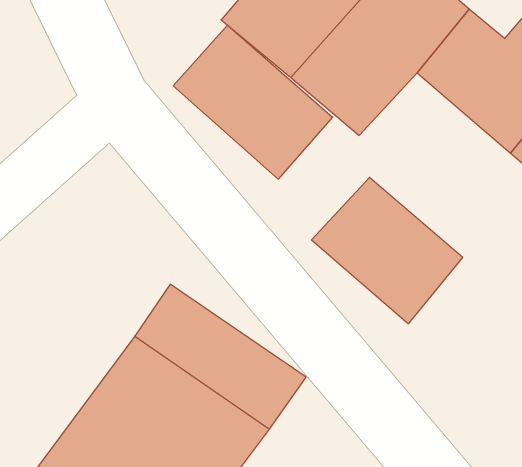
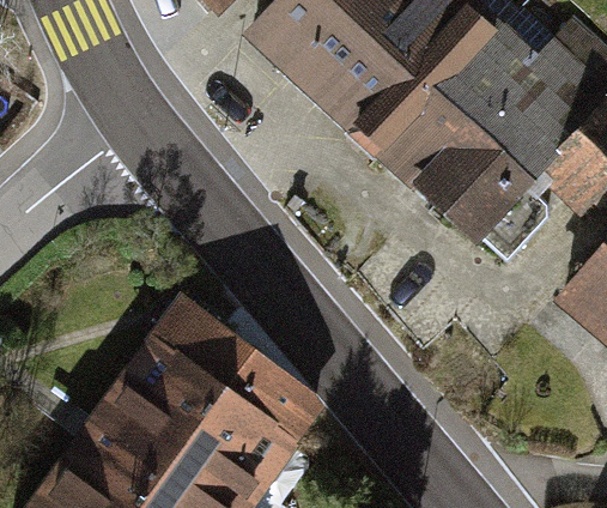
building: [173,25,333,179] -> none
building: [311,177,463,324] -> [382,95,535,243]

